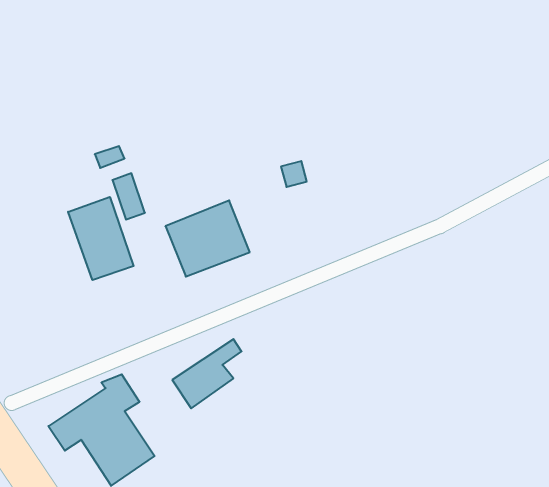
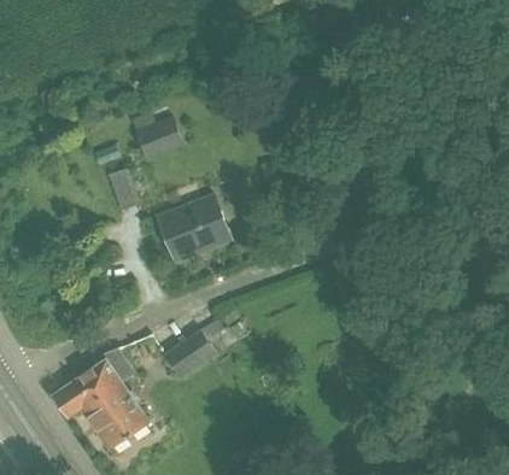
building: none -> [136,118,182,159]
building: [68,197,134,280] -> none

